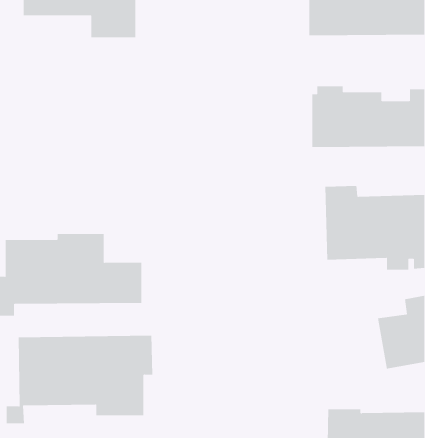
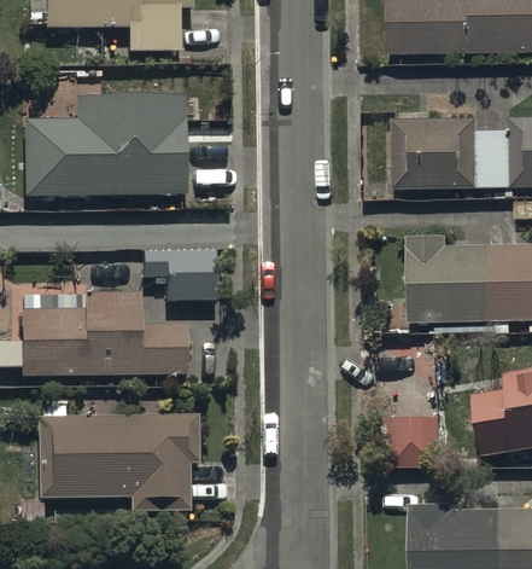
building: none -> [23,95,187,197]
building: none -> [141,249,217,304]
building: none -> [393,414,440,469]

